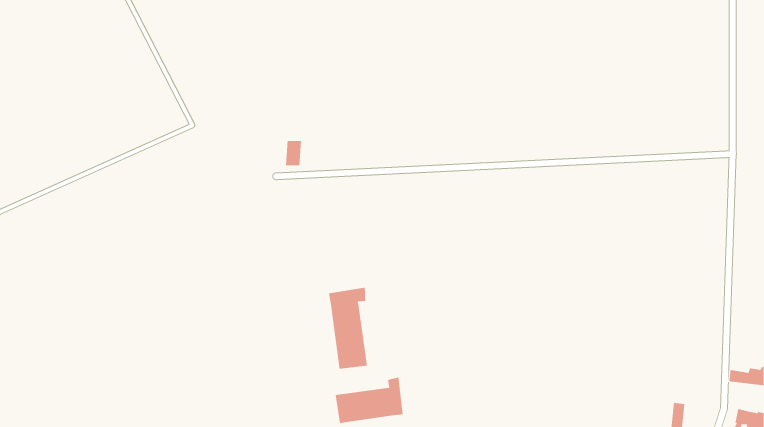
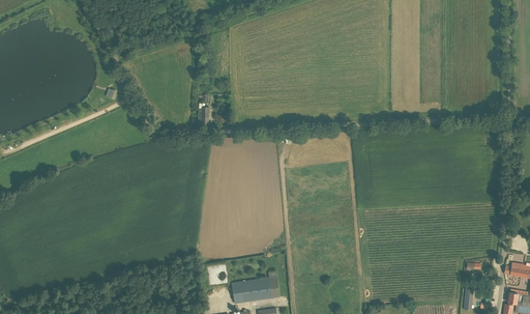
building: [329,287,367,369] -> none

